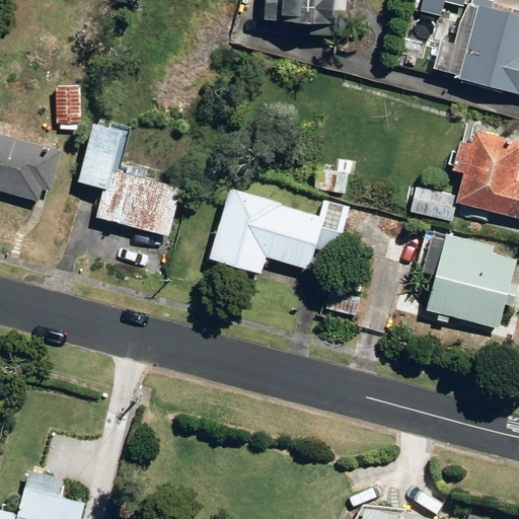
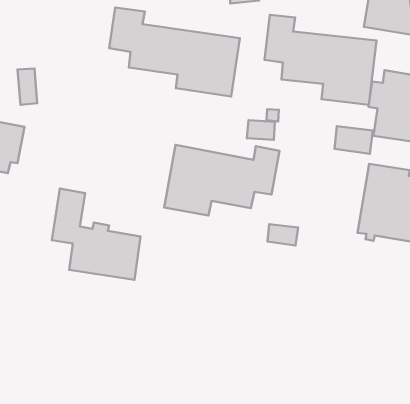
building: none -> [109,7,240,97]
building: none -> [265,15,376,105]
building: [78,123,179,235] -> [52,189,141,280]

